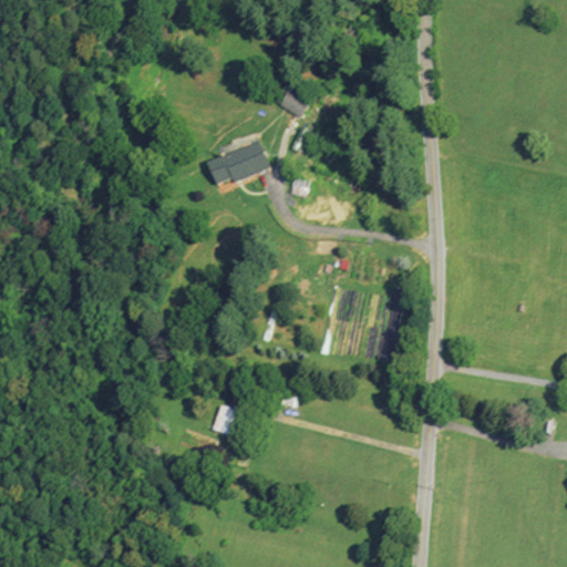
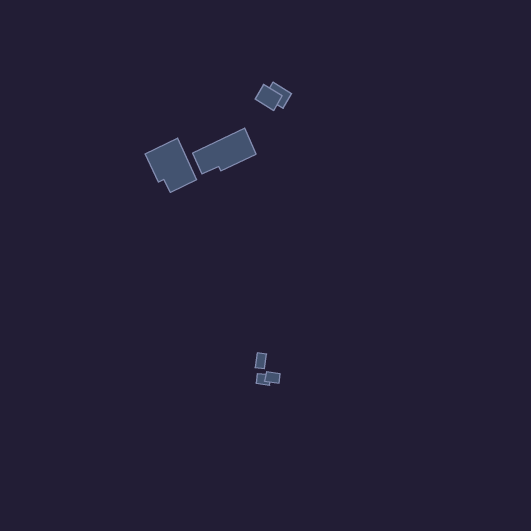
building: none -> [145,138,197,192]
building: [213,406,239,437] -> none

